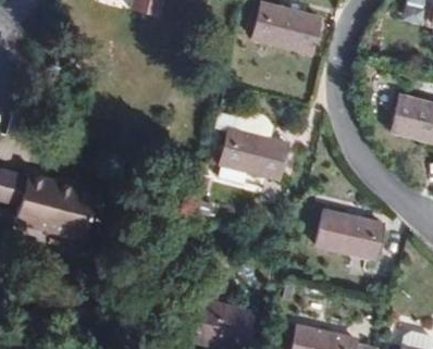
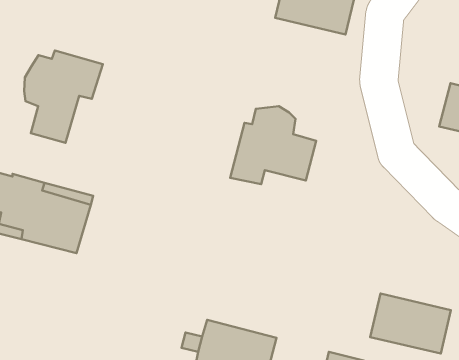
building: none -> [24,50,103,143]
building: [316,210,384,261] -> [370,294,451,354]

